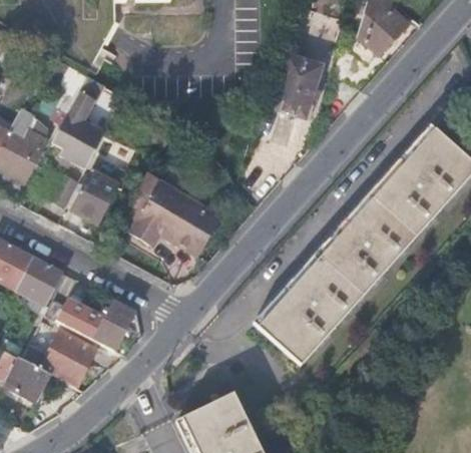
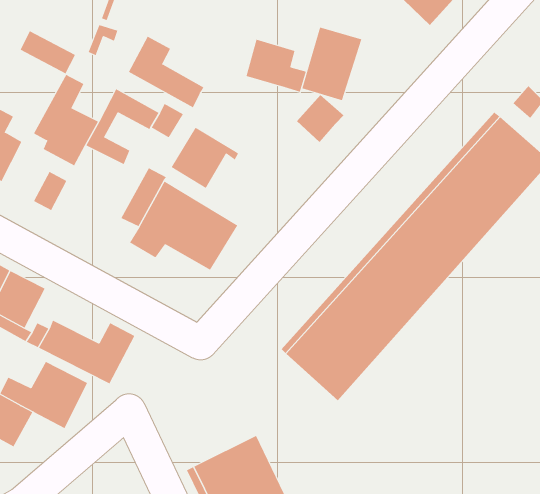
building: none -> [128,36,204,108]
building: none -> [246,39,306,92]
building: none -> [296,94,344,143]
building: none -> [171,127,239,189]
building: [71,171,118,223] -> none

